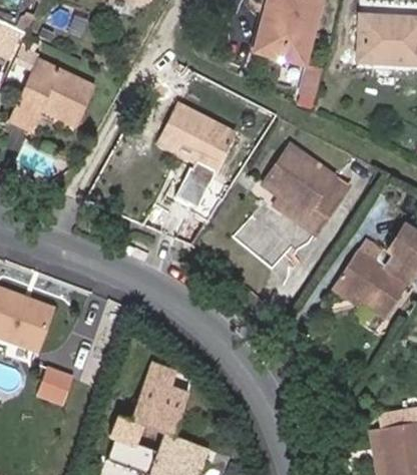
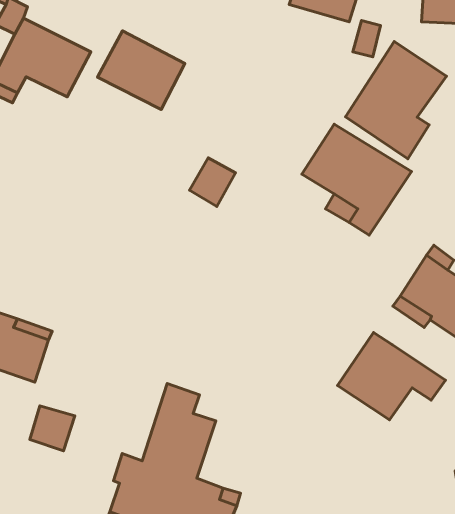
building: none -> [345,42,447,159]
building: [163,106,234,169] -> [98,31,185,110]
building: [239,221,294,273] -> none
building: none -> [337,332,446,420]

